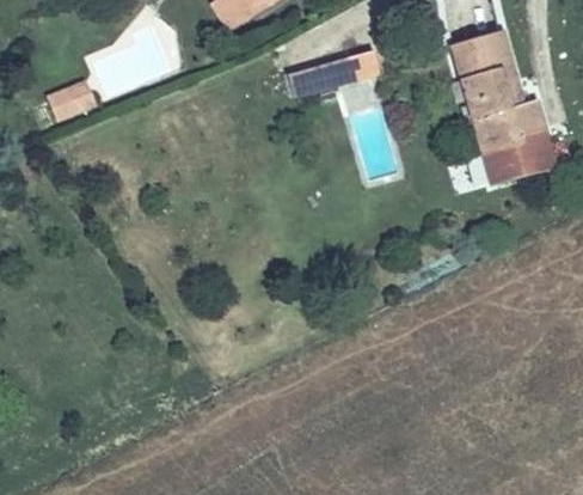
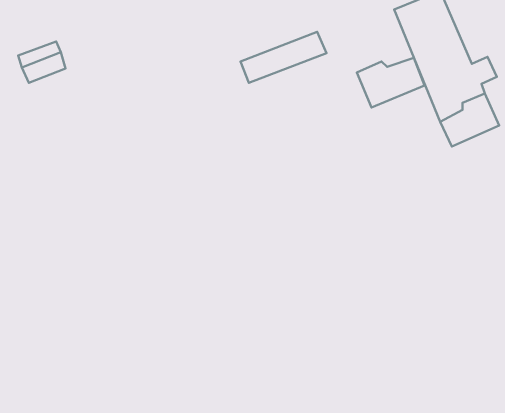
building: none -> [357,58,425,107]

